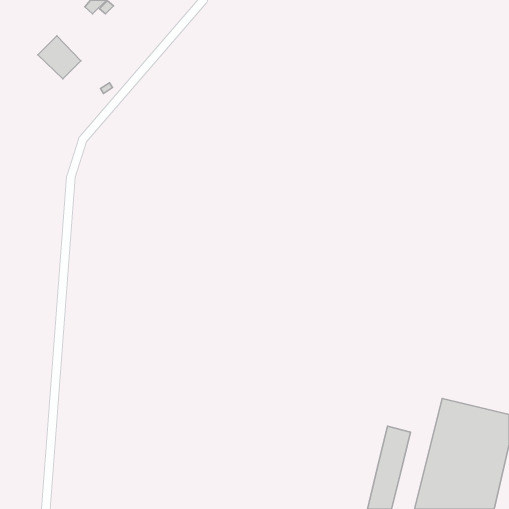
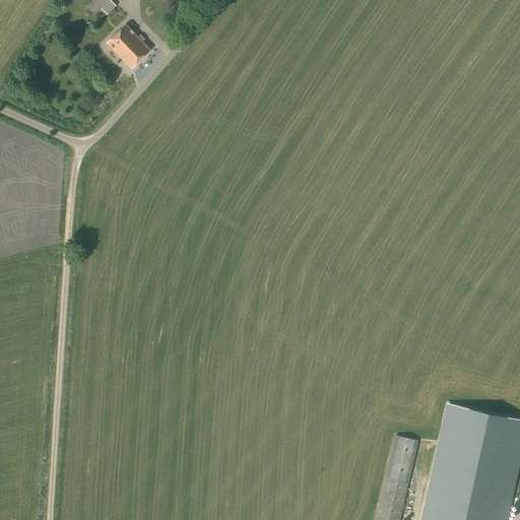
building: [38,36,81,79] -> [106,24,149,68]

